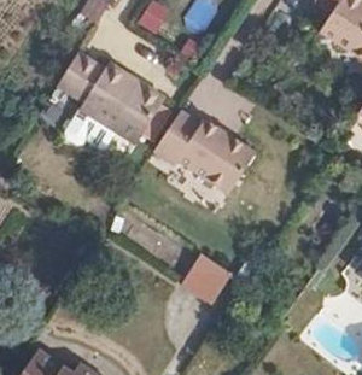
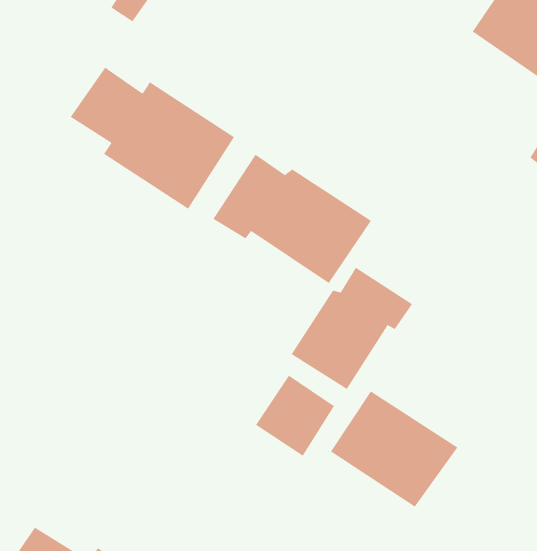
building: none -> [291,267,413,390]
building: none -> [330,391,458,507]

